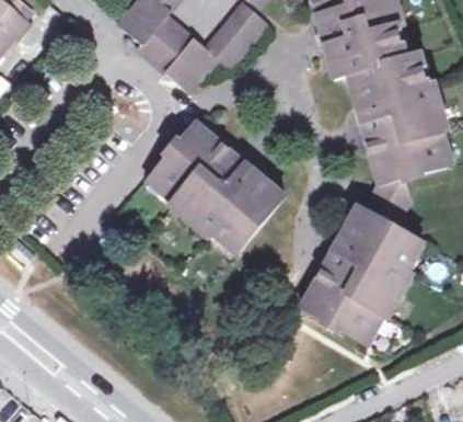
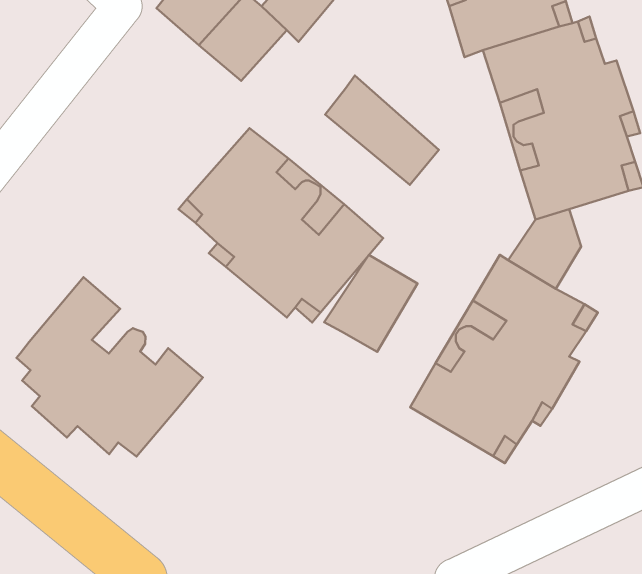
building: none -> [325,76,439,185]
building: none -> [324,255,418,352]
building: none -> [16,277,203,457]

